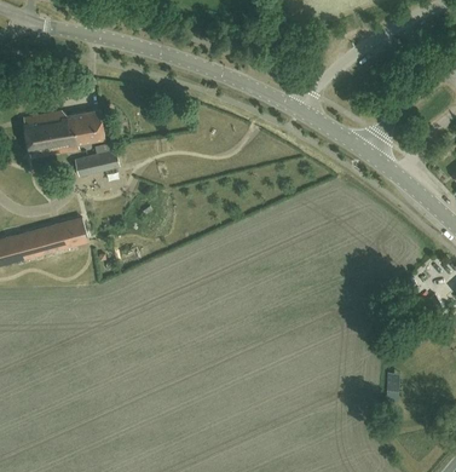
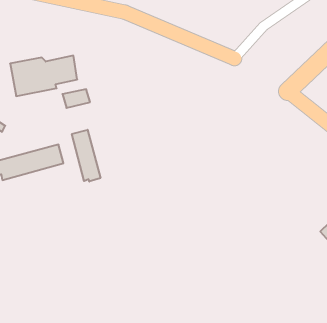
building: none -> [72,130,100,182]

